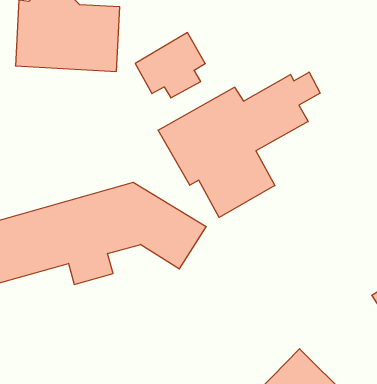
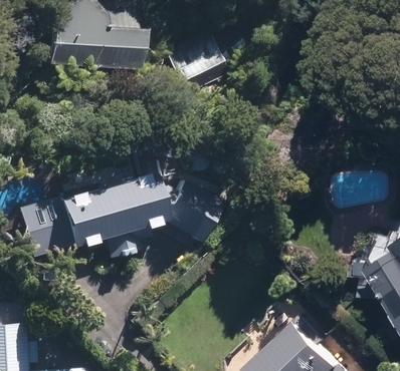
building: [158,72,320,217] -> none

